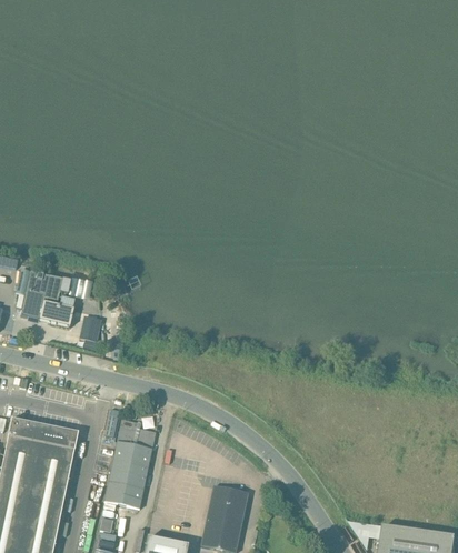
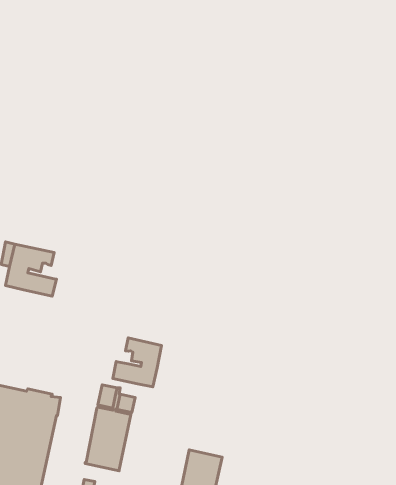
building: [79,314,101,351] -> none
building: none -> [113,338,162,387]

